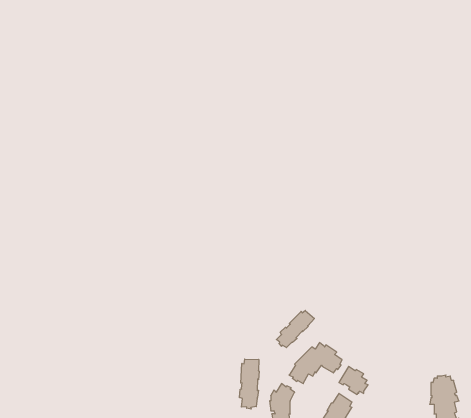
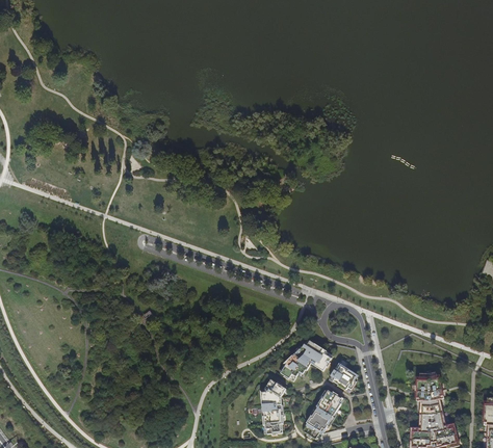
building: [276,310,314,348] -> none
building: [239,359,259,409] -> none

